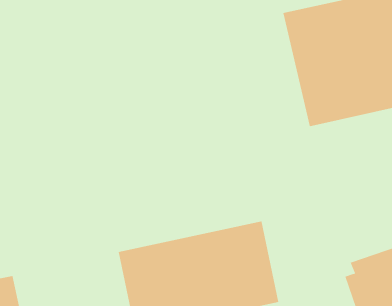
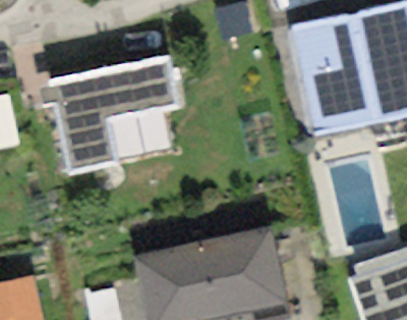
building: none -> [40,56,178,172]

